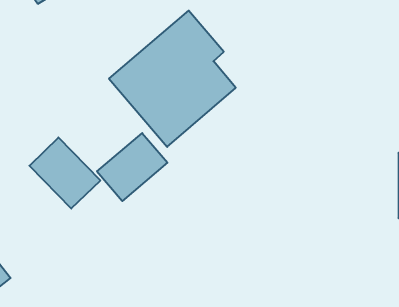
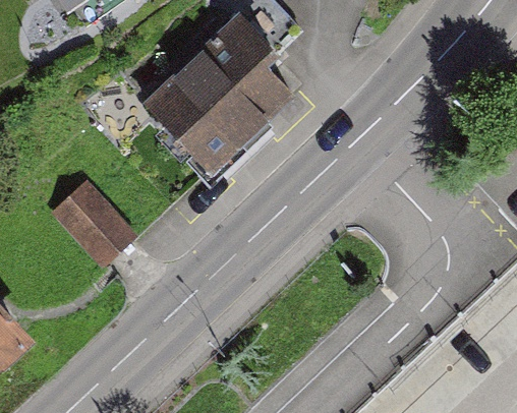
building: [97,133,167,201] -> none

